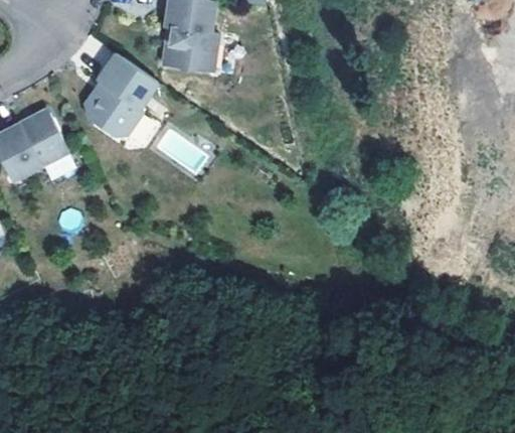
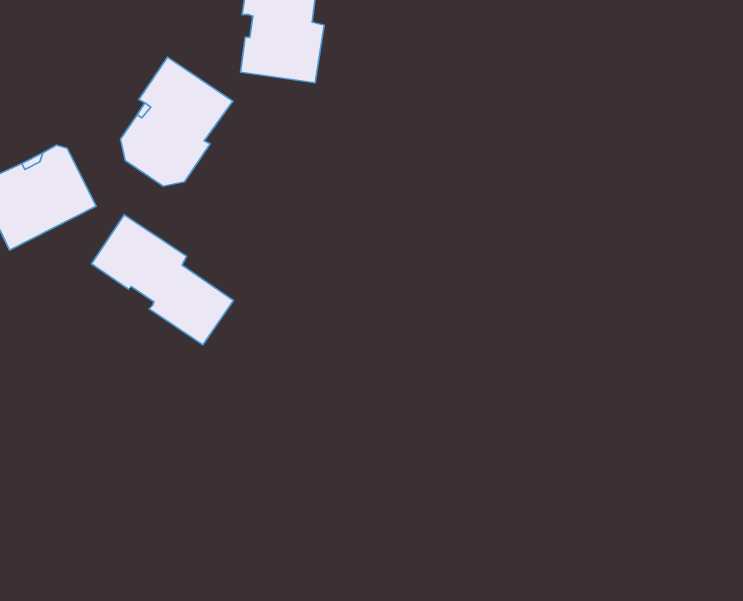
building: none -> [91,215,234,345]

